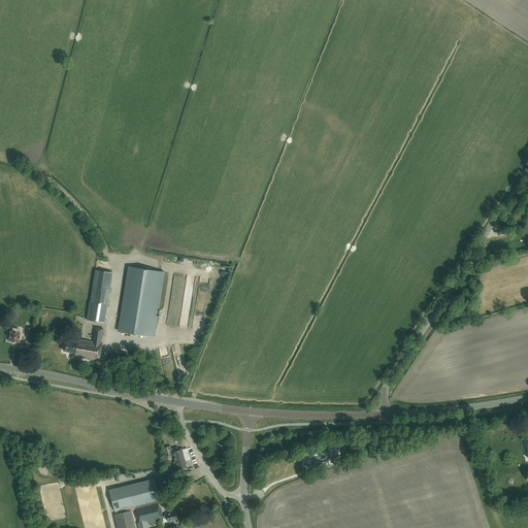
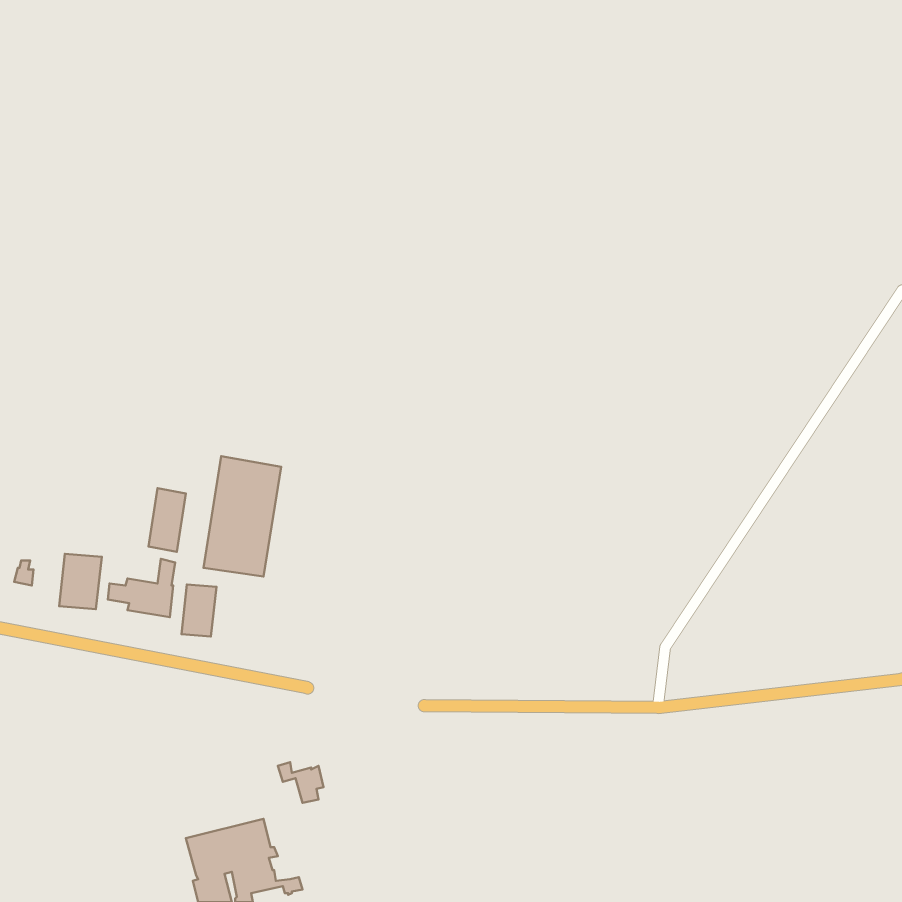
building: none -> [59,554,102,609]
building: none -> [181,585,216,637]

